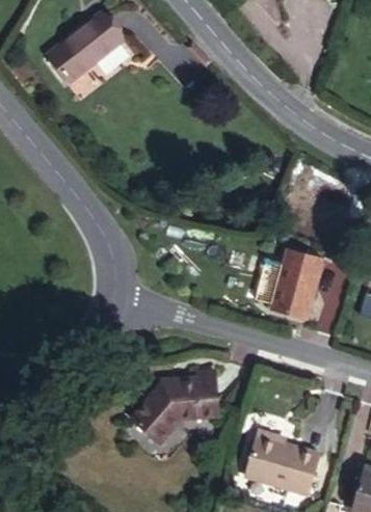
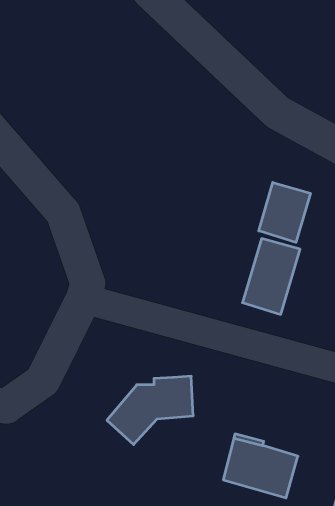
building: [50,16,123,83] -> none
building: none -> [259,182,310,242]

